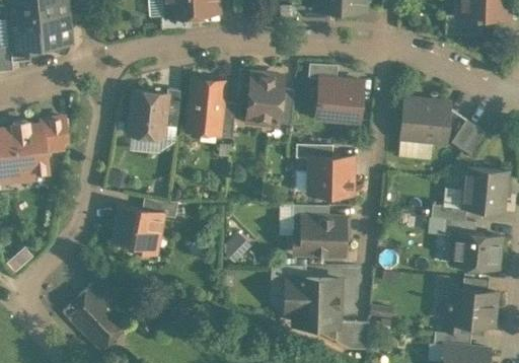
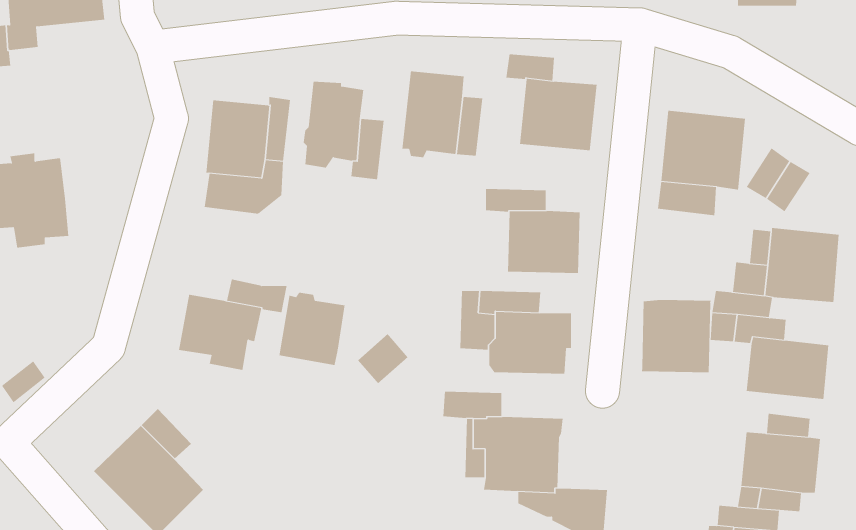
building: [42,119,68,150] -> none
building: none -> [279,292,345,366]
building: none -> [641,299,711,373]

